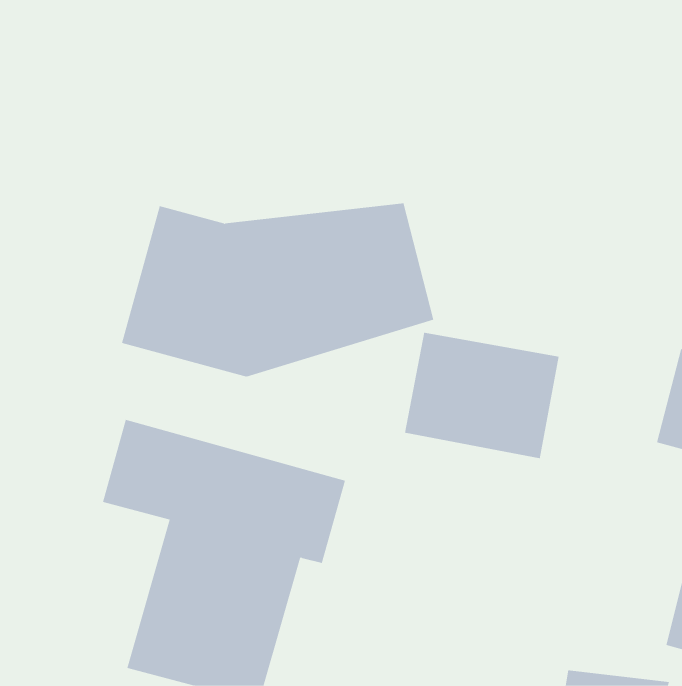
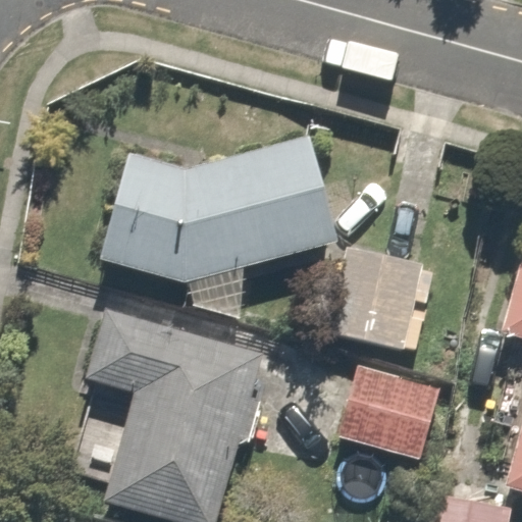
building: none -> [341,360,439,459]

